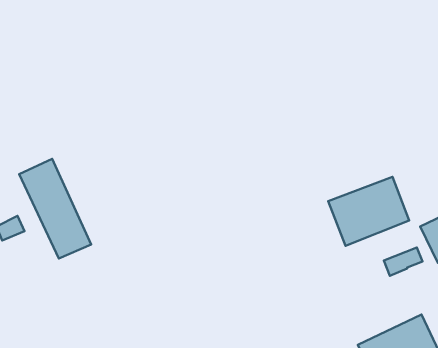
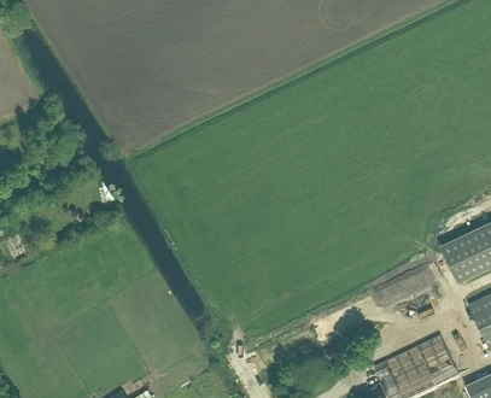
building: [19,159,91,259] -> none
building: [328,177,409,246] -> none

